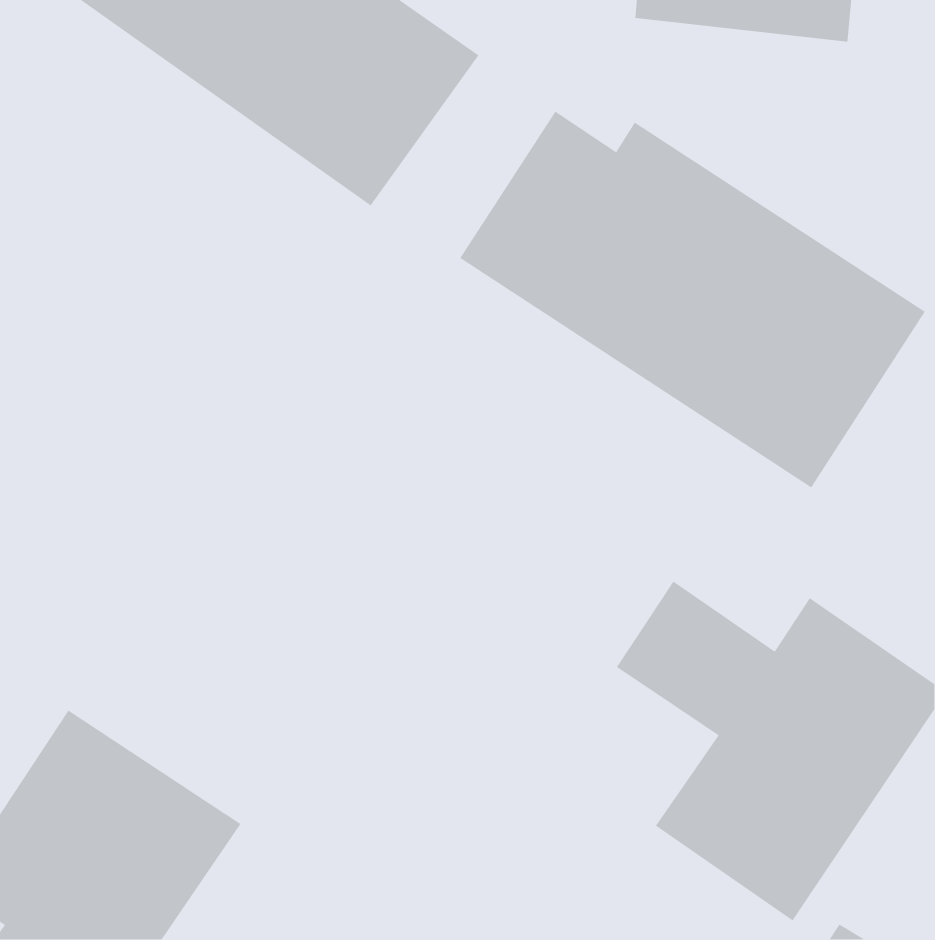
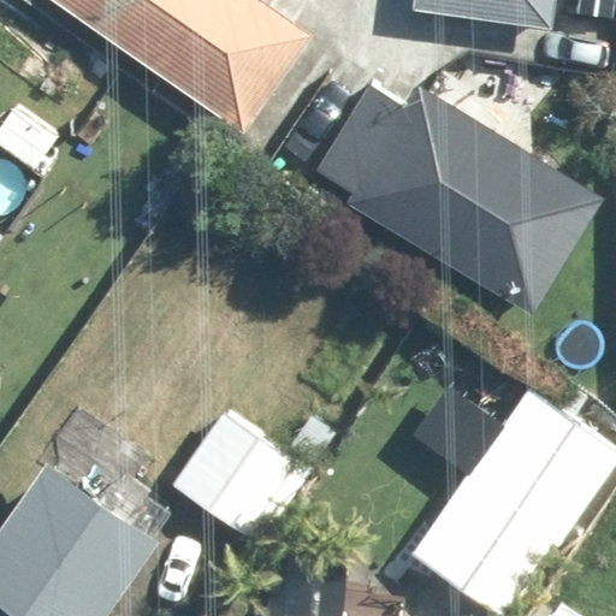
building: none -> [167,408,306,544]

